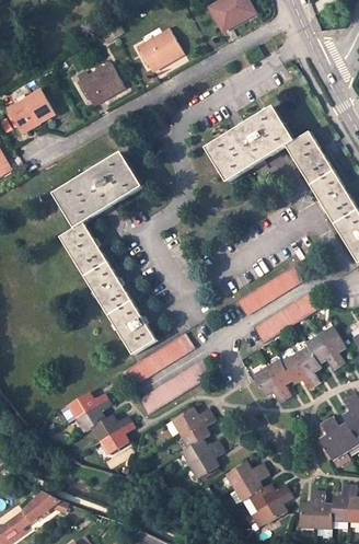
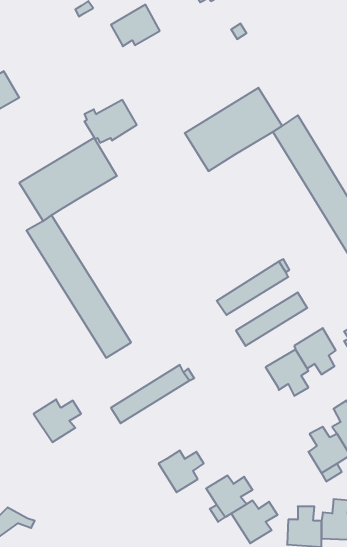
building: [76,62,124,102] -> [84,100,137,143]
building: [120,333,193,386] -> none
building: [253,360,291,402] -> none
building: [172,407,215,447] -> none
building: [91,415,134,454] -> none

